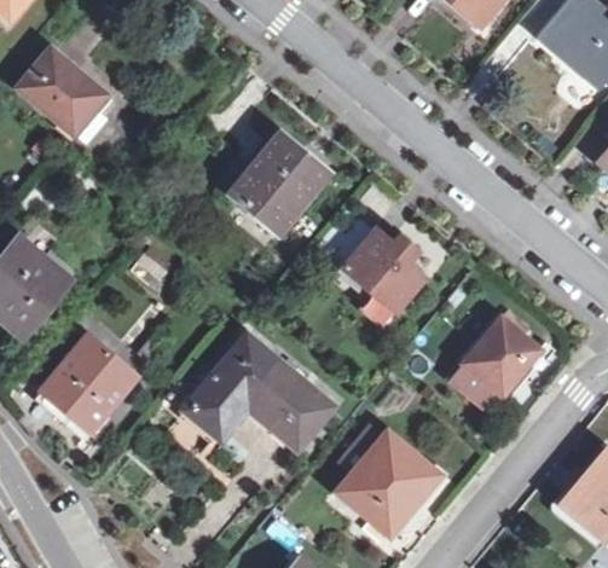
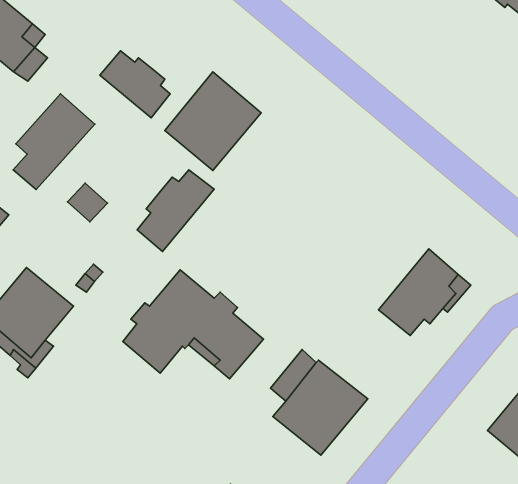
building: none -> [100,51,170,118]
building: none -> [13,94,95,189]
building: [342,226,425,312] -> none
building: none -> [137,170,214,251]

